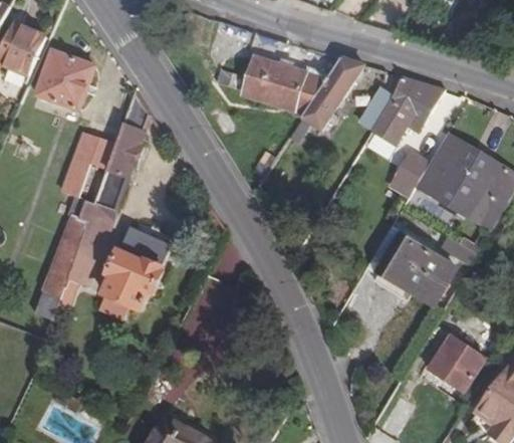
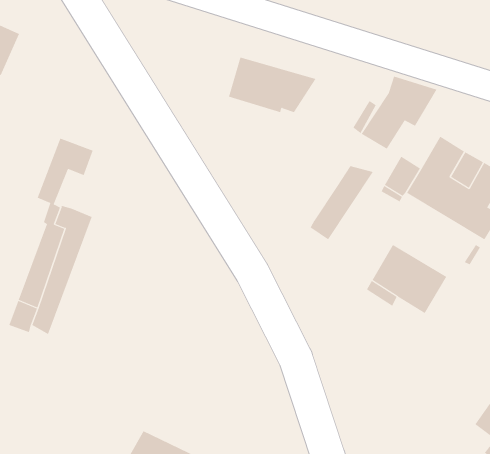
building: [35,49,94,108] -> none
building: [302,58,363,130] -> [310,165,374,240]
building: [94,90,148,210] -> none
building: [100,226,170,315] -> none
building: [426,334,486,393] -> none

